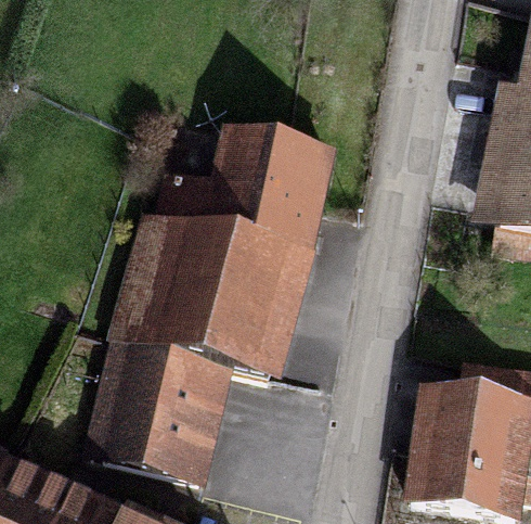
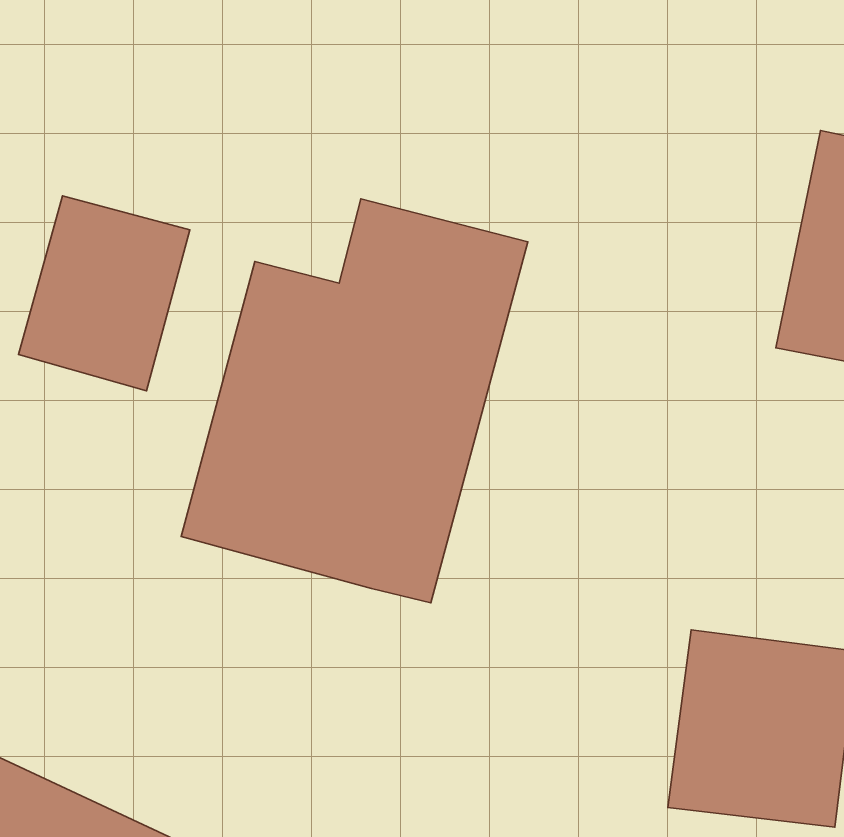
building: none -> [19,196,190,391]
building: [87,341,232,482] -> none

